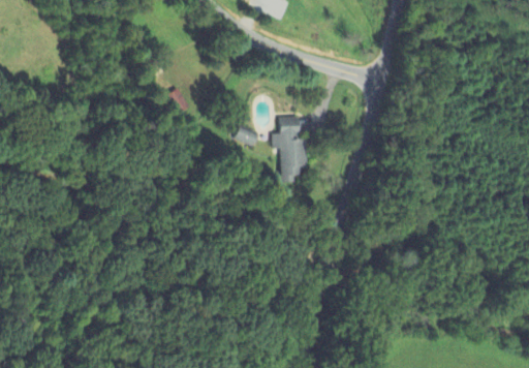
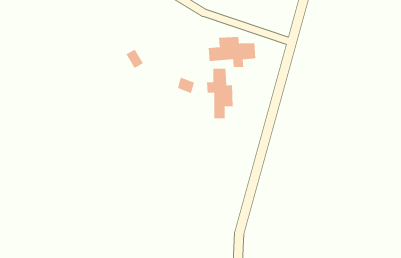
building: none -> [208,36,256,68]

